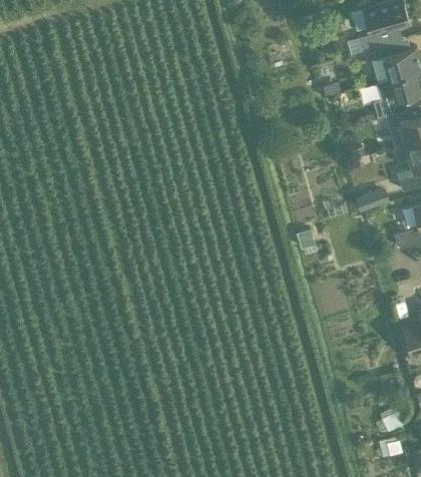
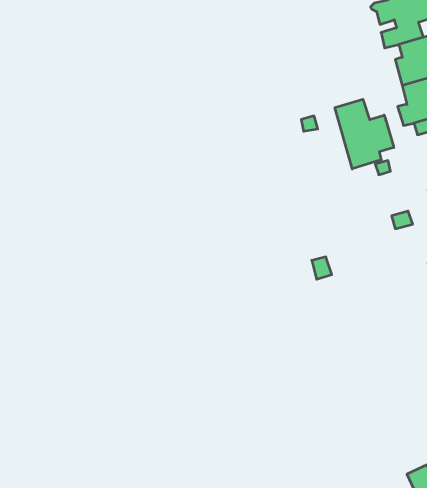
building: none -> [335,99,394,169]

